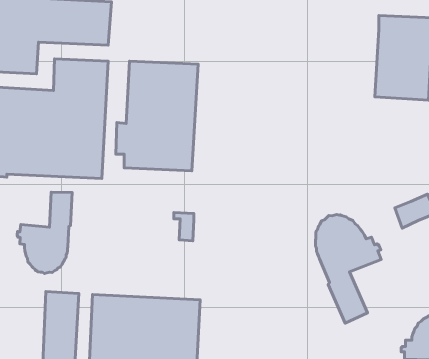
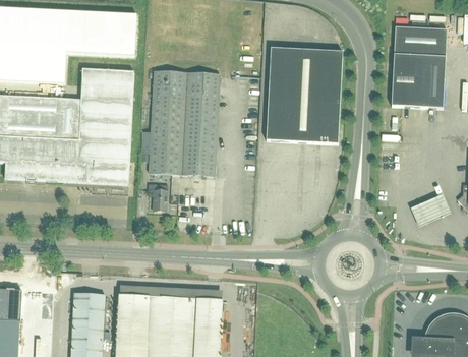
building: none -> [266,47,342,142]
building: [17,192,72,274] -> none
building: [174,212,194,241] -> [148,182,167,210]
building: [315,214,381,323] -> none

